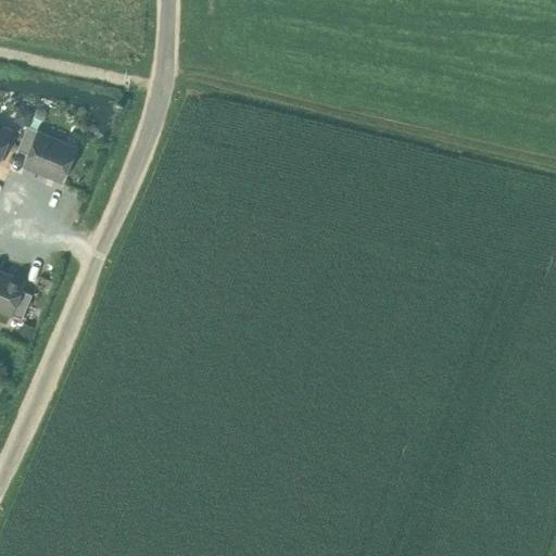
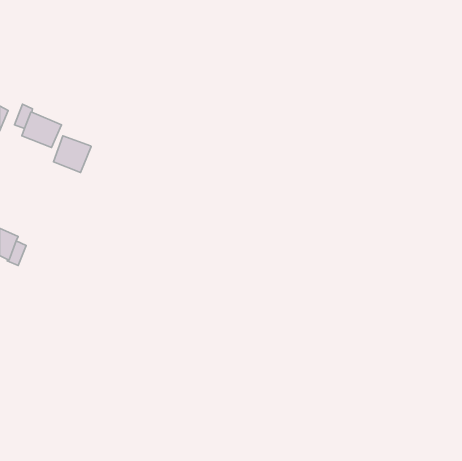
building: none -> [54,136,91,172]

